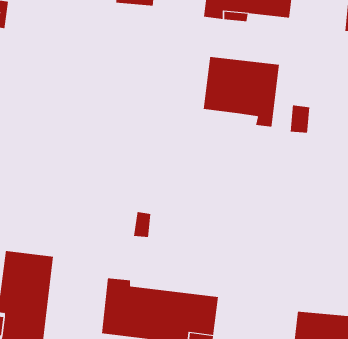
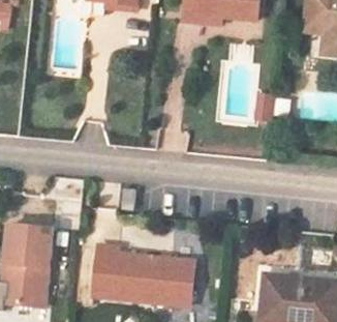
building: [203,56,280,128] -> none

